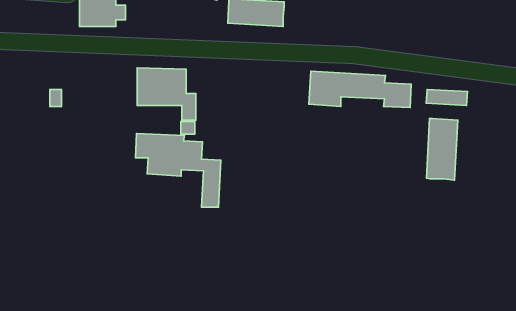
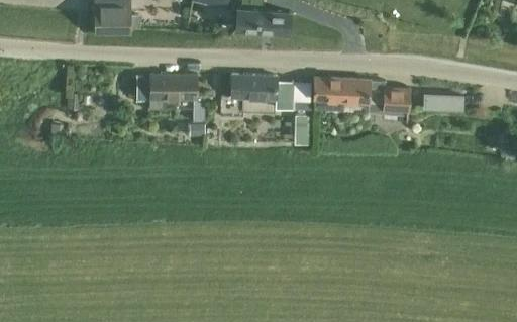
building: [426,118,458,180] -> none
building: [135,133,221,207] -> [231,75,312,144]

